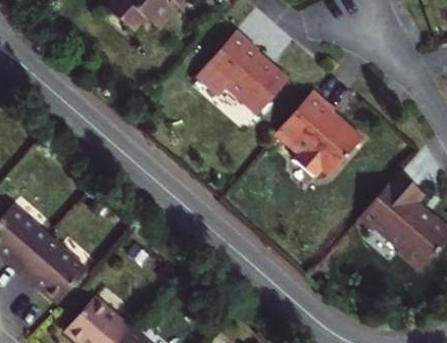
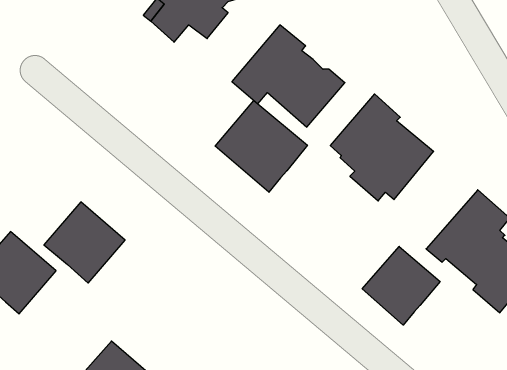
building: none -> [215,100,307,192]
building: none -> [362,246,440,325]
building: [17,236,85,303] -> [44,202,125,283]

